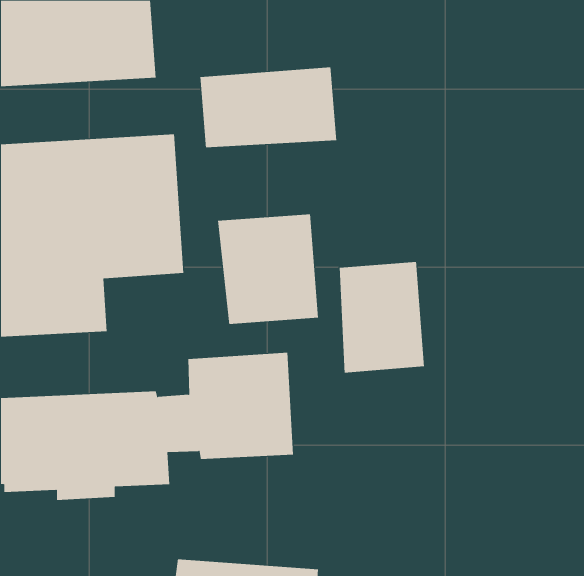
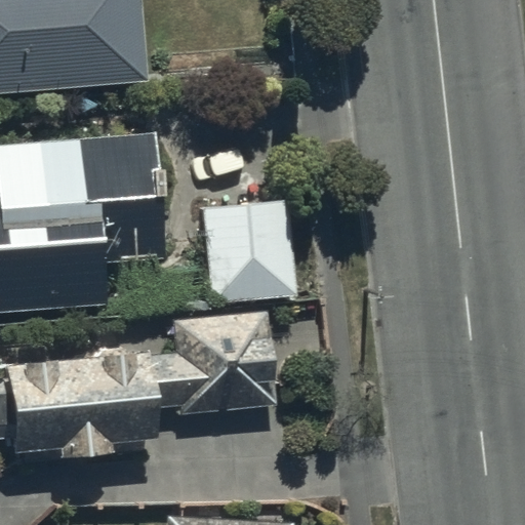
building: [200,67,337,148] -> none
building: [339,261,425,373] -> none

